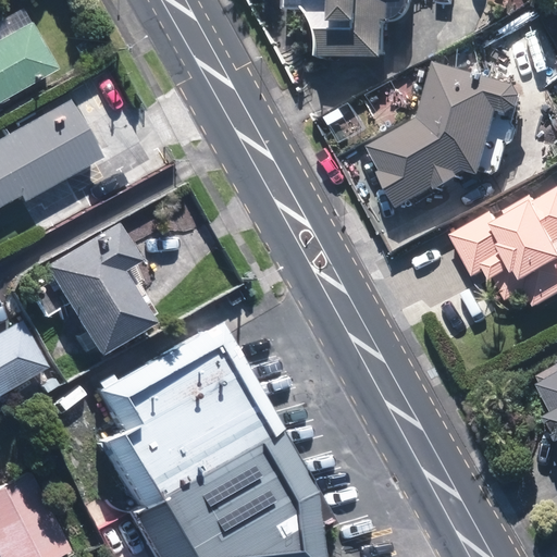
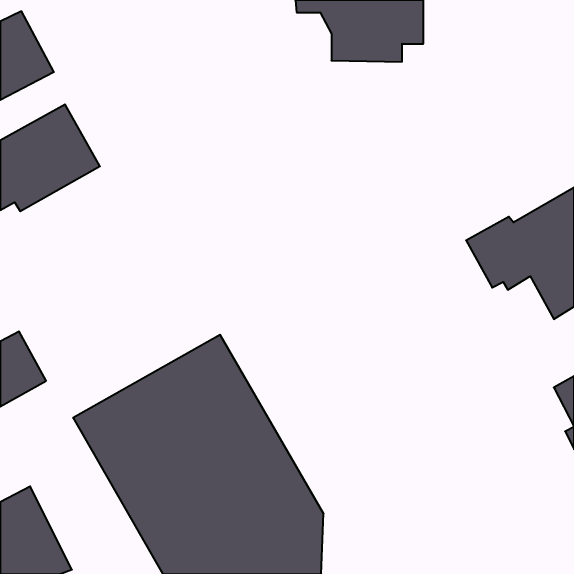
building: [368,63,528,211] -> none
building: [38,224,149,358] -> none

